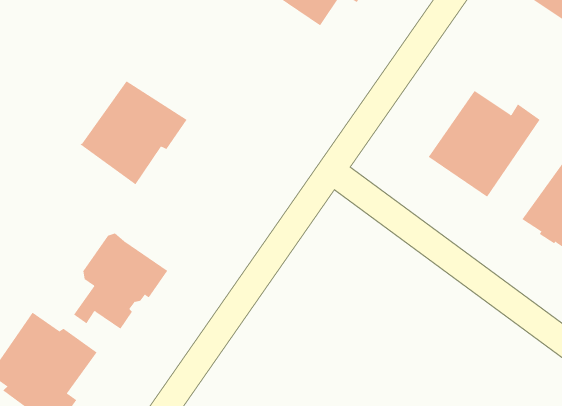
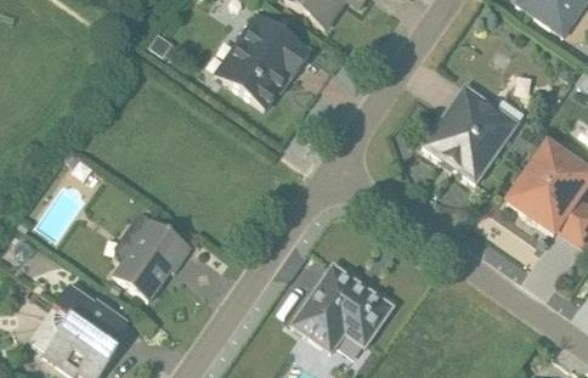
building: [80,81,187,185] -> [214,15,310,108]
building: none -> [290,264,392,352]

